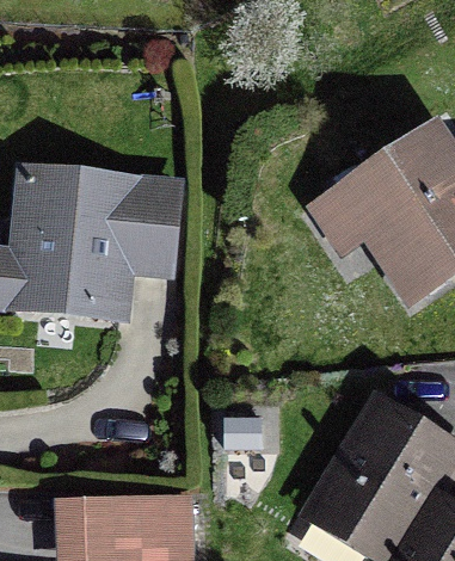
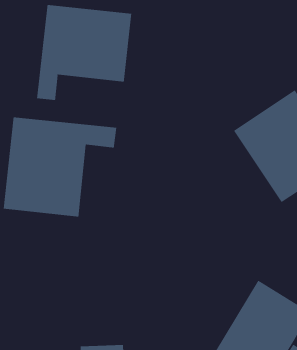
building: none -> [36,4,132,101]

